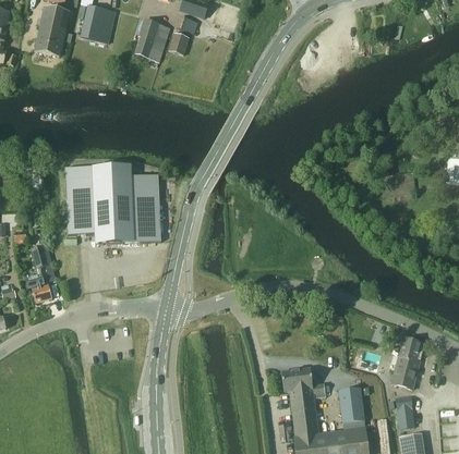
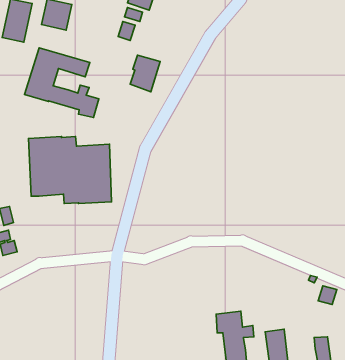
building: [134,19,169,61] -> [130,55,160,92]
building: none -> [25,48,99,118]
building: [390,354,420,388] -> none

